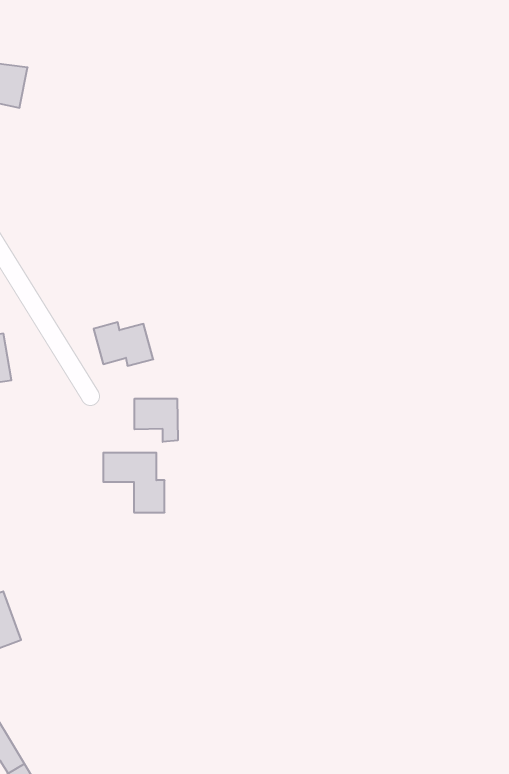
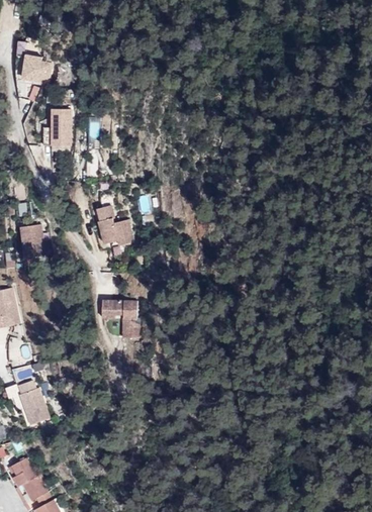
building: none -> [51,109,70,145]
building: [135,399,178,442] -> none

